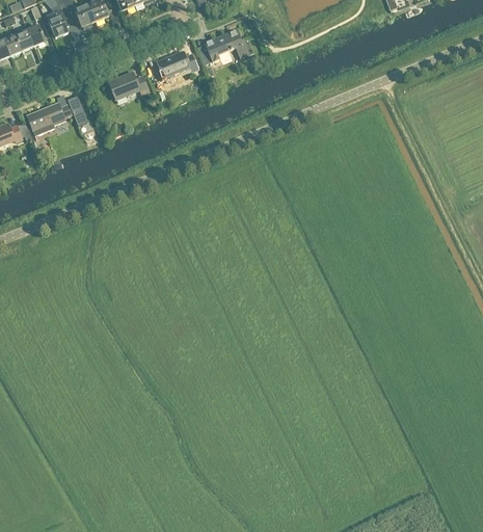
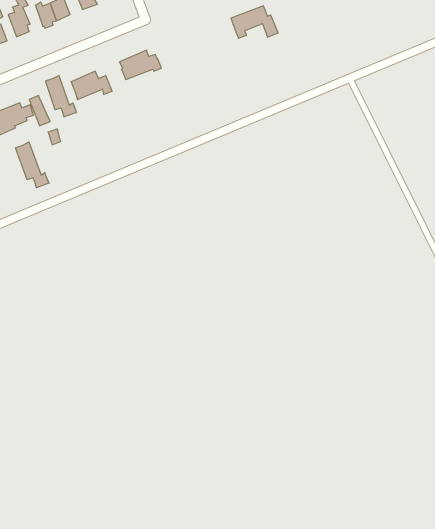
building: [204,29,250,61] -> [231,6,278,38]
building: none -> [45,75,76,117]
building: none -> [15,142,49,188]

